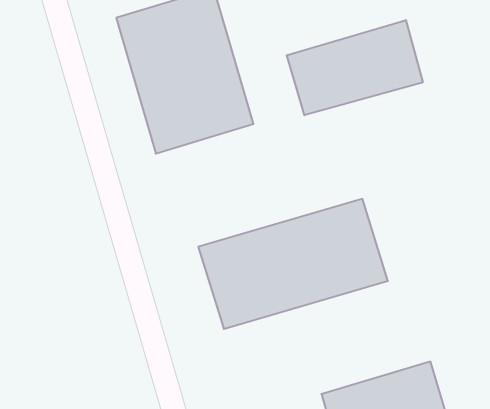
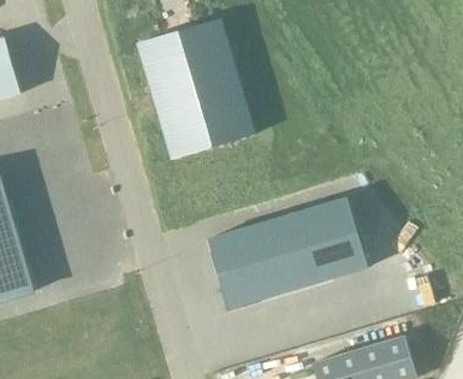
building: [287,20,423,115] -> none

